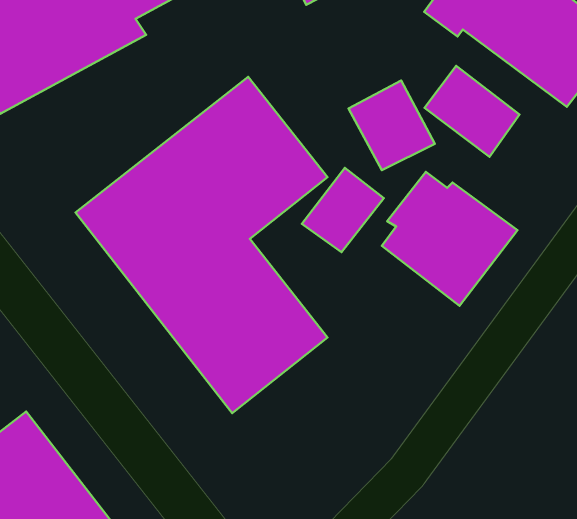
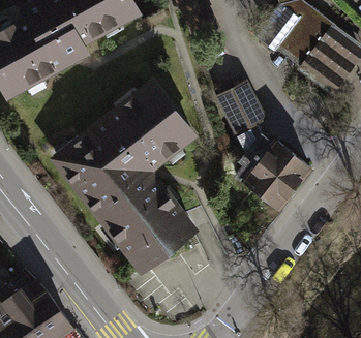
building: [424,66,520,157] -> none
building: [302,168,384,252] -> none

